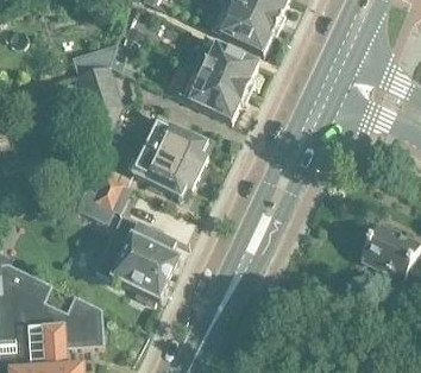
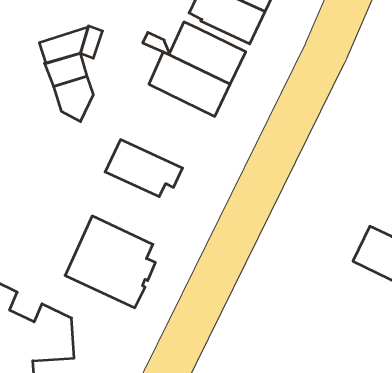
building: [145,116,209,170] -> none
building: [94,173,128,210] -> none

